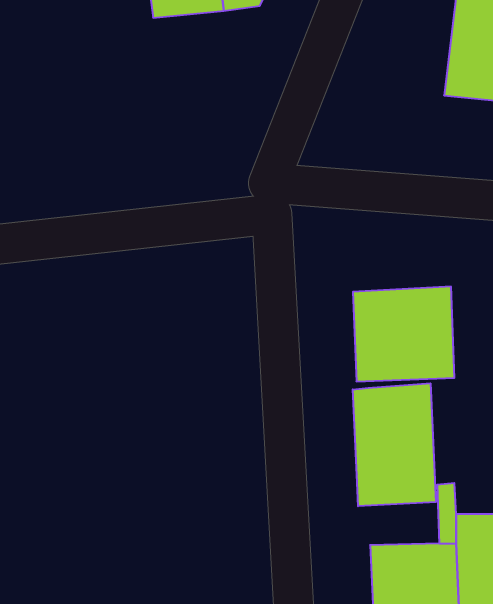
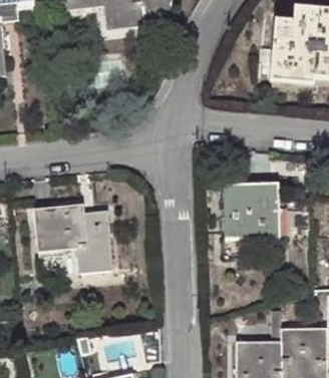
building: none -> [21,205,104,275]
building: [353,383,436,506] -> none

